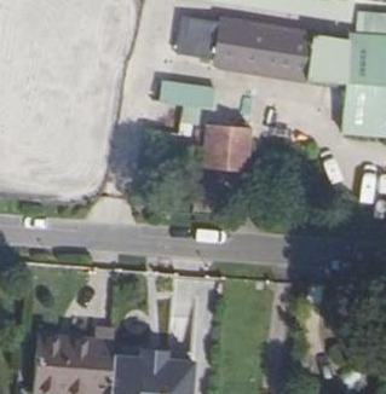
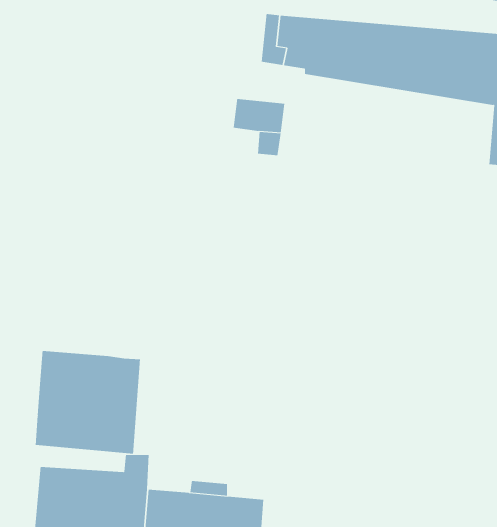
building: [198,126,253,170] -> none
building: none -> [35,350,140,454]

